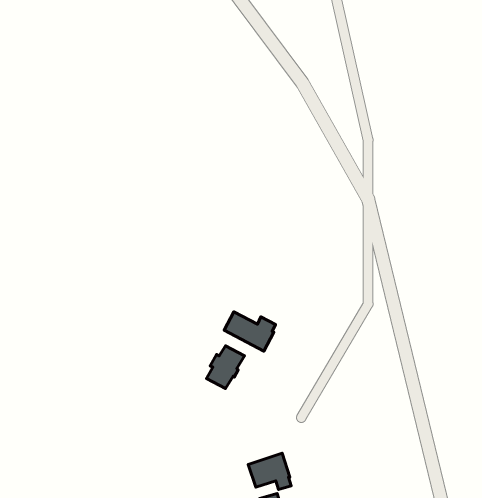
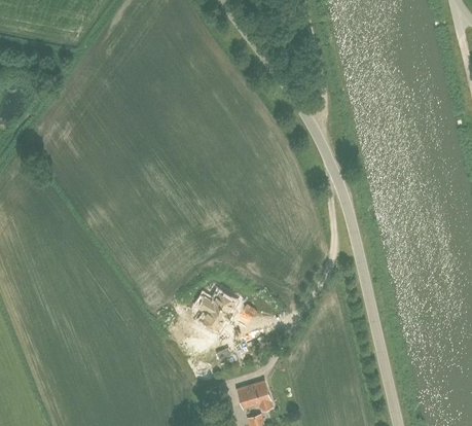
building: [224,312,275,351] -> none

